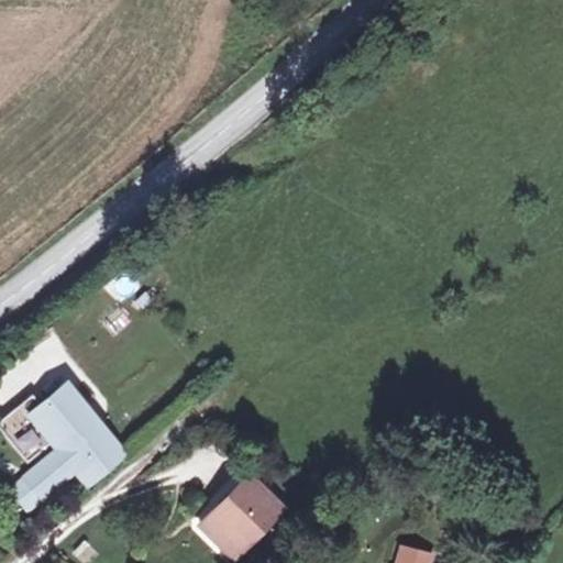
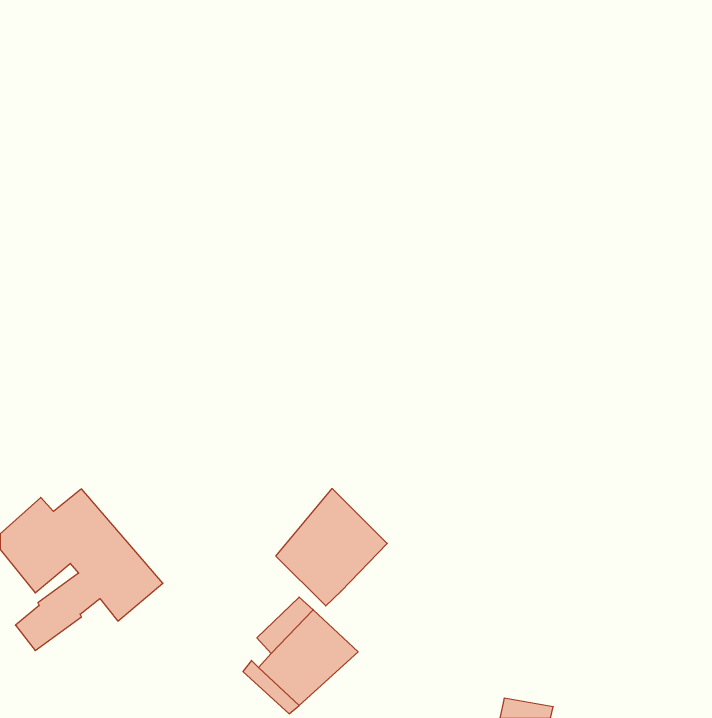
building: none -> [276,489,387,606]

